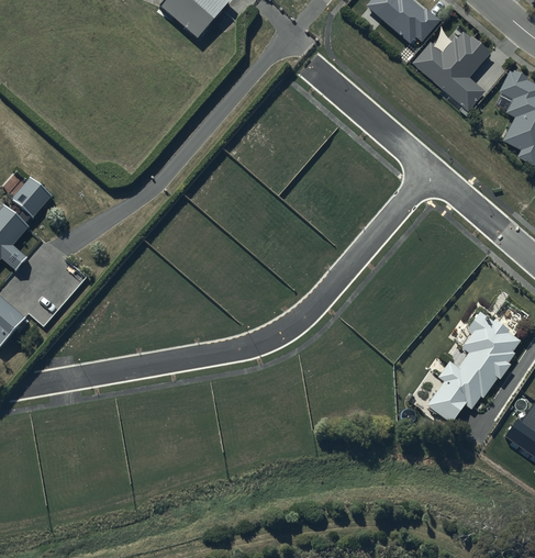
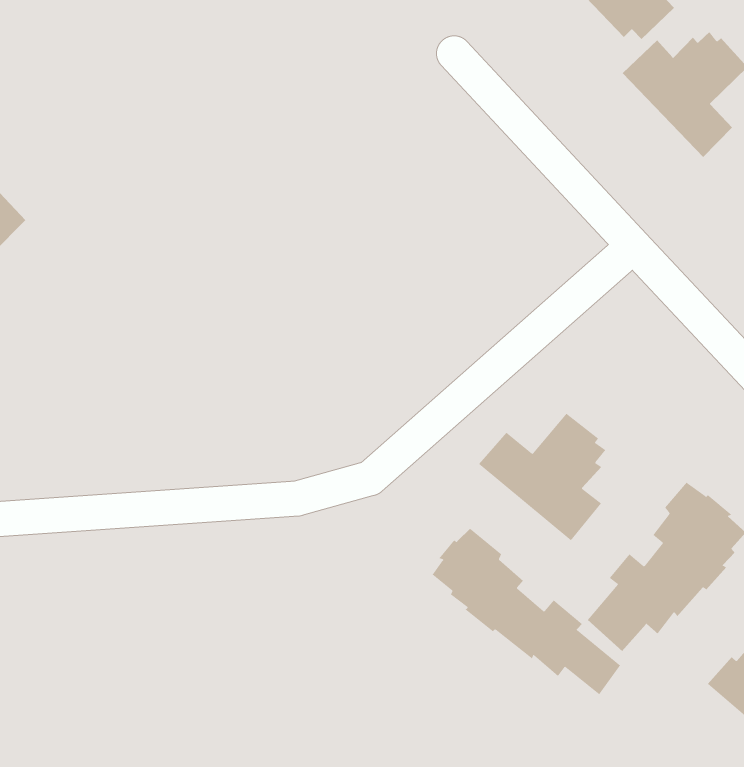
building: none -> [478,413,606,541]
building: none -> [432,528,621,695]

